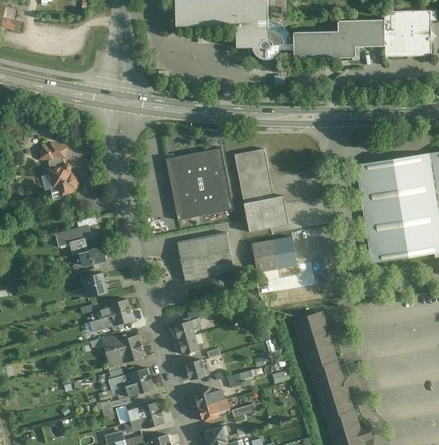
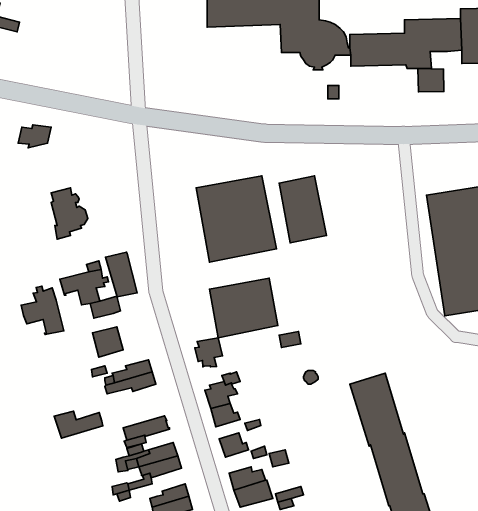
building: none -> [418,68,444,92]
building: [39,143,66,162] -> [18,125,51,148]
building: [243,195,288,232] -> none
building: none -> [105,252,137,297]
building: [252,236,296,271] -> none
building: none -> [21,286,64,334]
building: none -> [195,338,223,367]
building: [100,333,140,355] -> [54,411,103,438]

